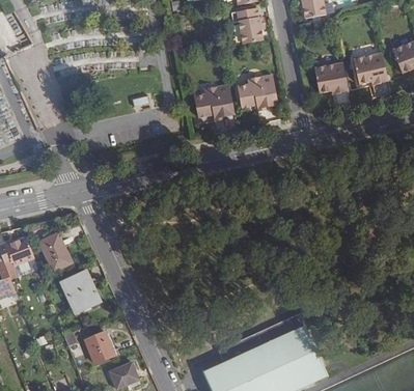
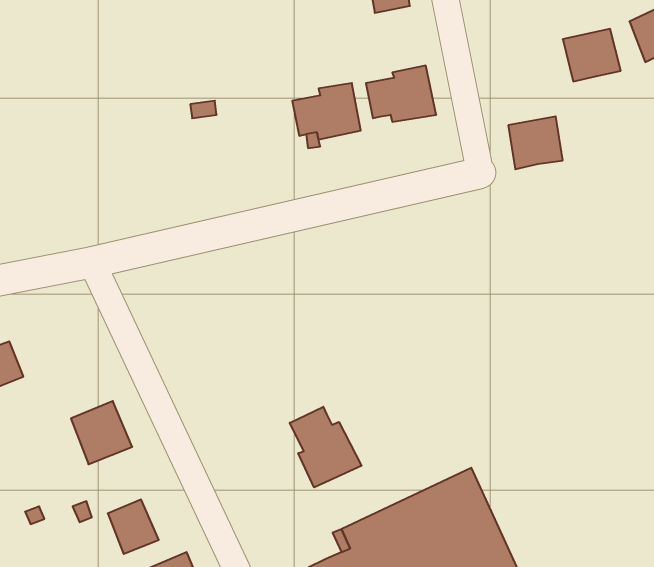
building: [314,62,347,93] -> [508,116,563,169]
building: [38,232,71,270] -> none
building: none -> [290,407,362,487]

